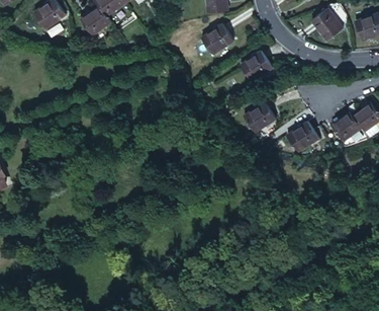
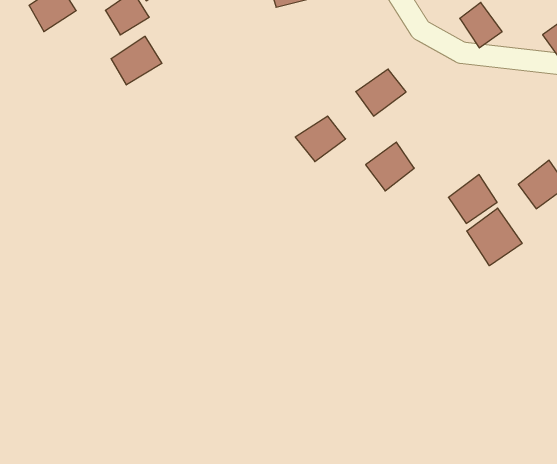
building: [200,29,231,58] -> [295,116,346,162]
building: none -> [111,36,162,85]
building: none -> [467,208,522,266]

